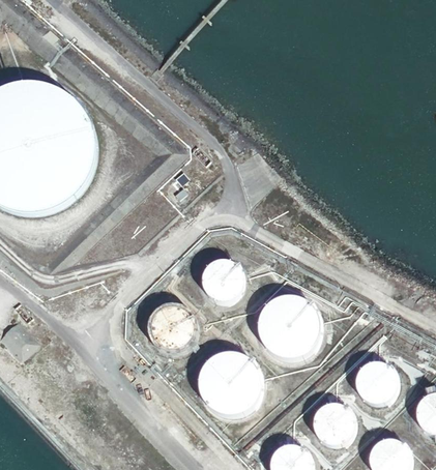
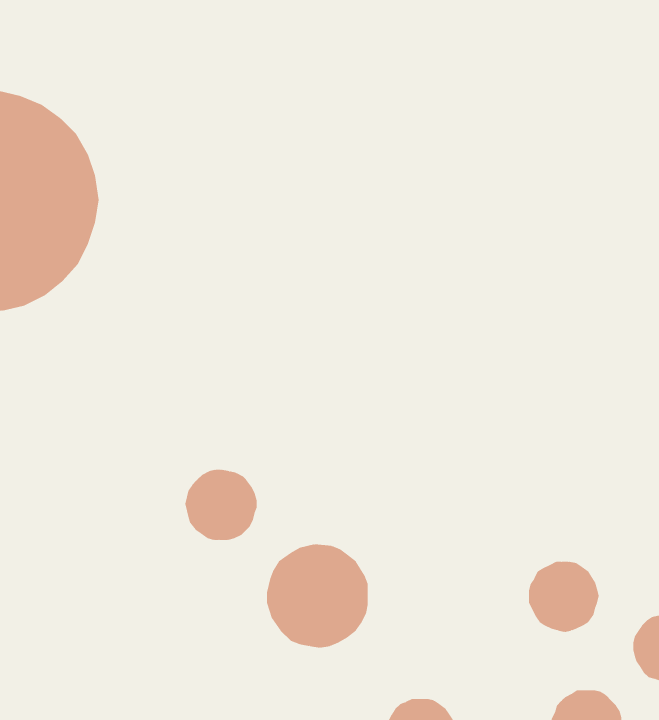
building: [200,260,241,301] -> none
building: [257,295,319,356] -> none
building: [312,402,353,443] -> none

